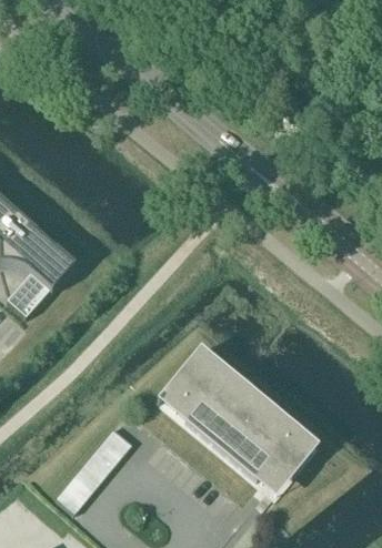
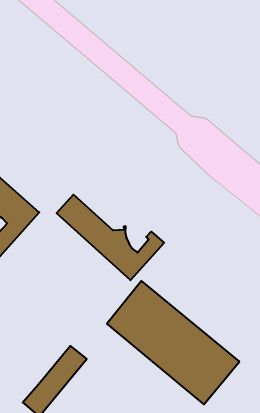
building: none -> [57,195,164,280]

